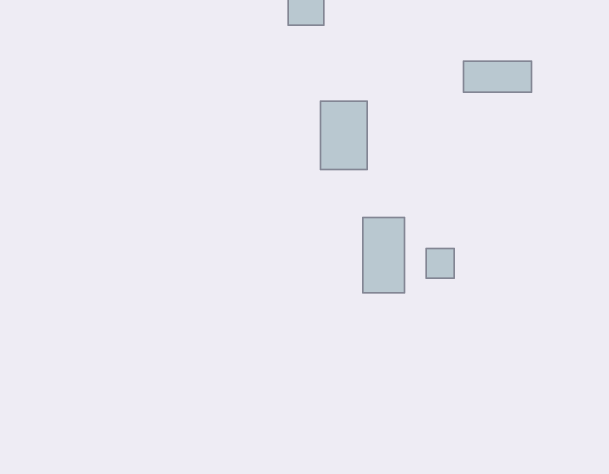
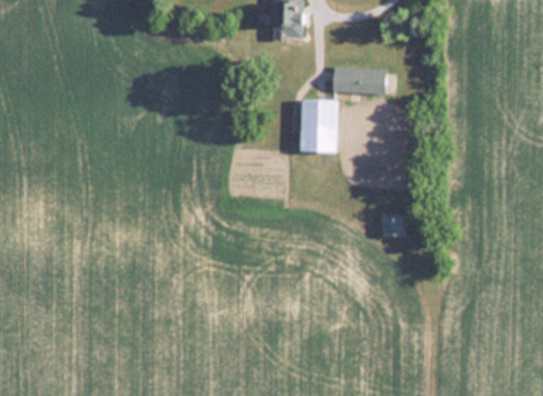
building: [463,61,532,92] -> [334,69,386,93]
building: [363,217,404,293] -> none

